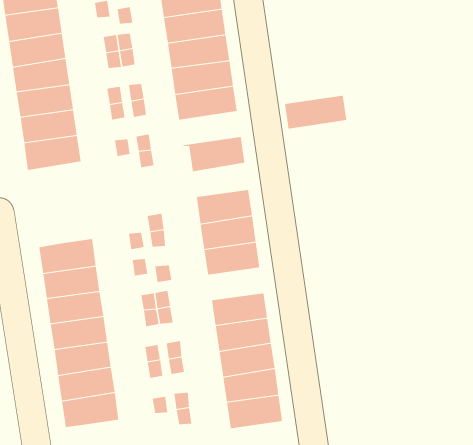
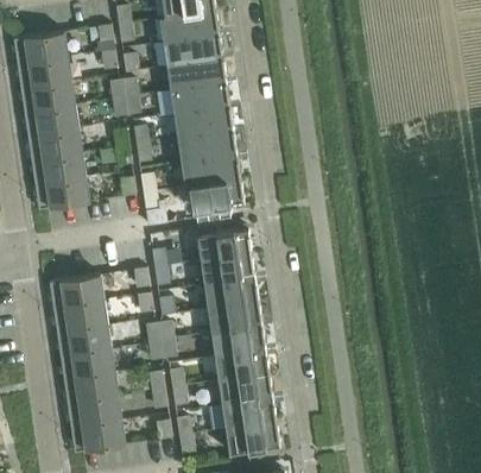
building: [284,95,347,129] -> [181,154,240,187]
building: none -> [208,302,261,333]

